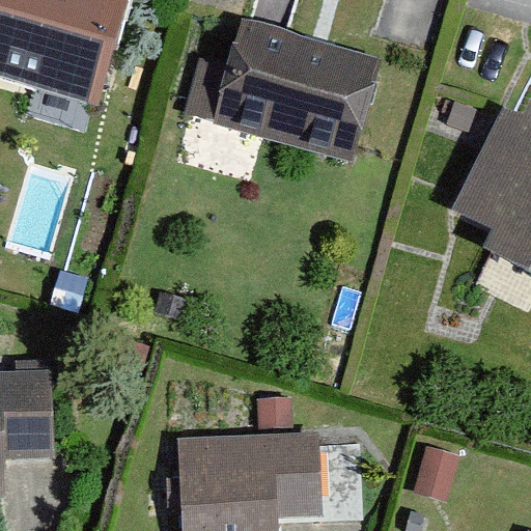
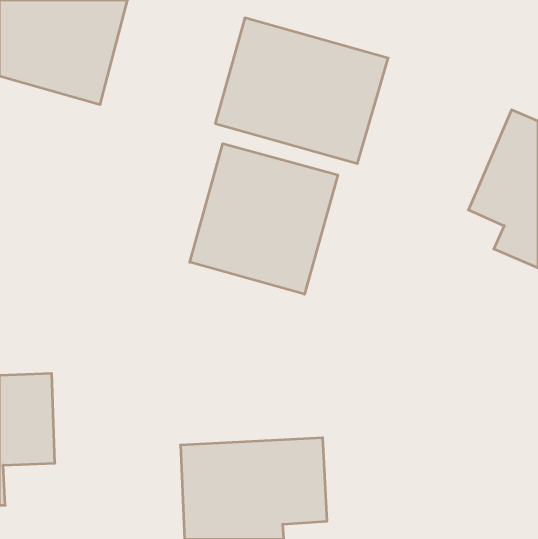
building: none -> [190,144,338,294]

